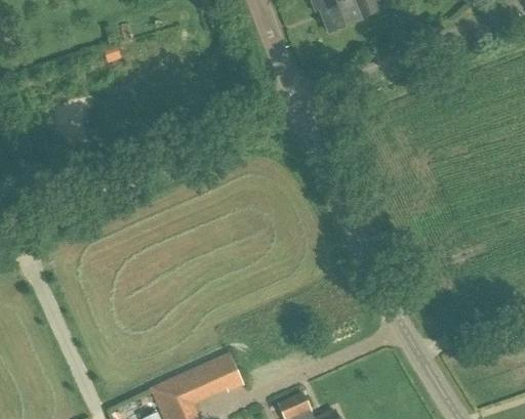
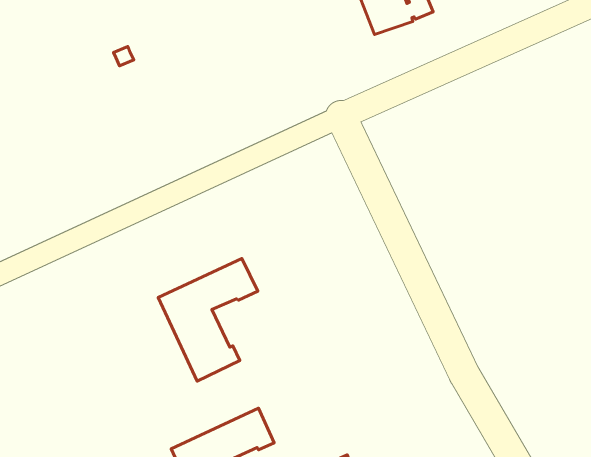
building: none -> [158,258,258,381]

